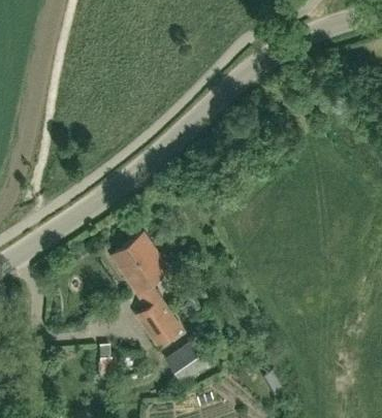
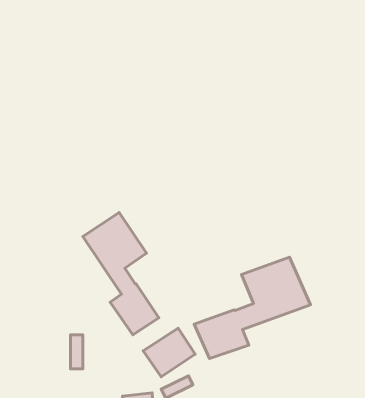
building: none -> [194,257,311,359]

